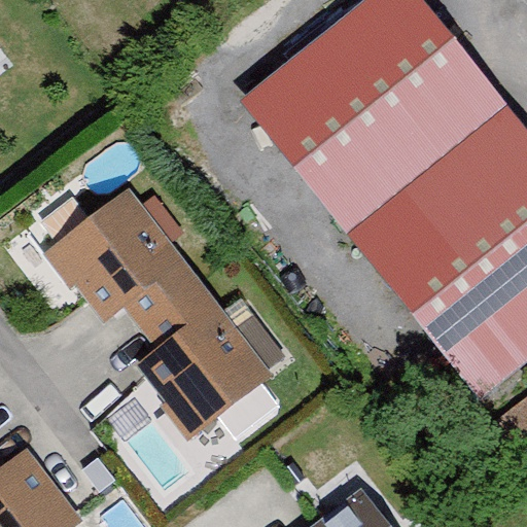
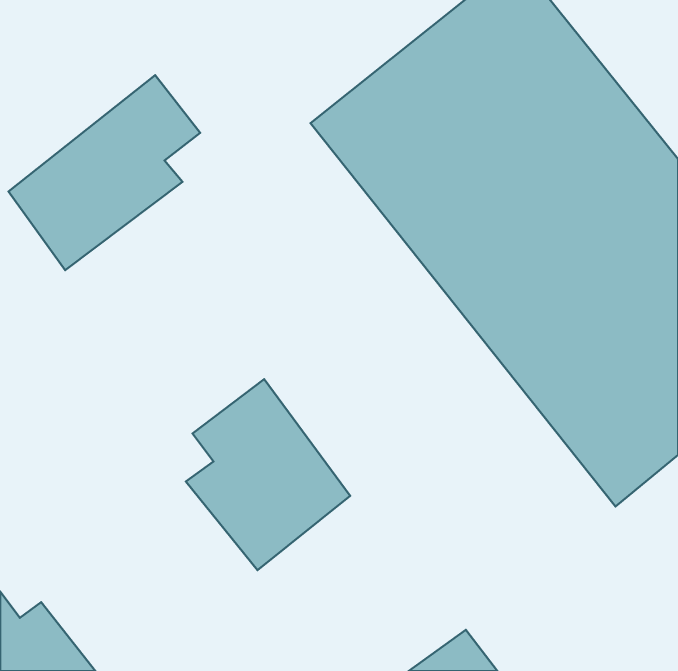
building: none -> [9,75,200,270]
building: [55,201,205,337] -> none

